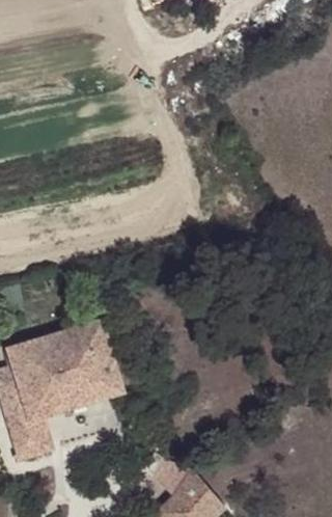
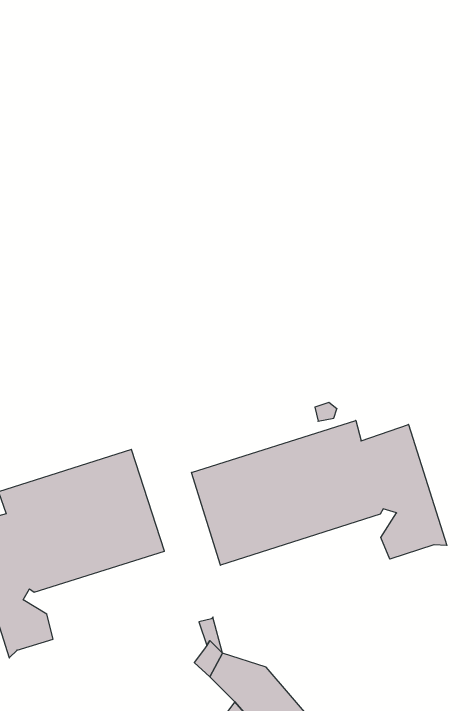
building: none -> [192,420,447,565]

